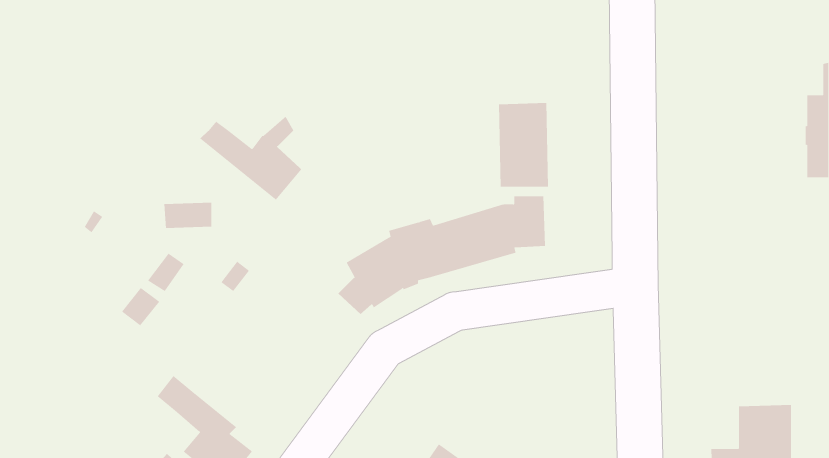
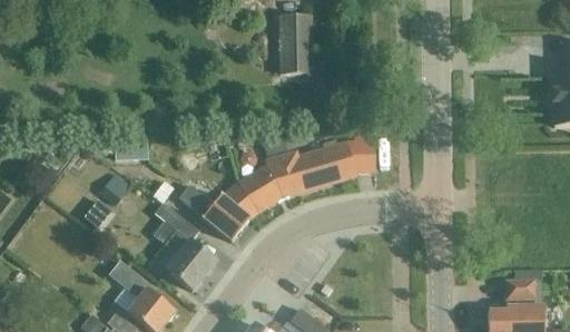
building: [498,102,549,187] -> [277,16,312,74]
building: [200,116,302,201] -> [178,183,248,241]
building: none -> [154,205,214,291]

